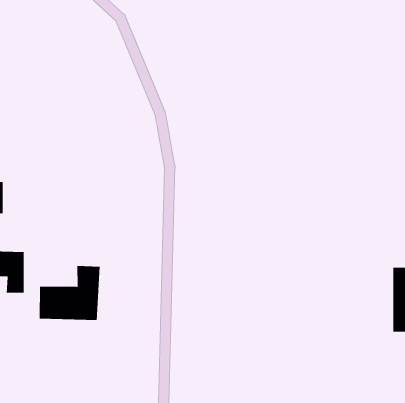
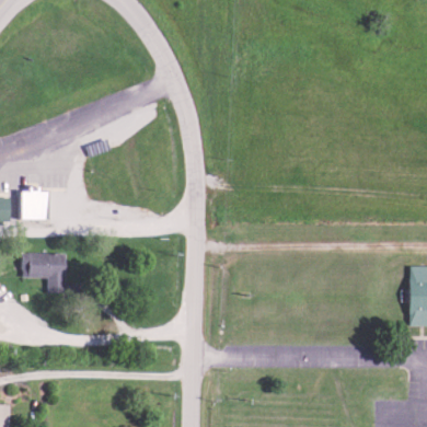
building: [39,265,100,321] -> none

